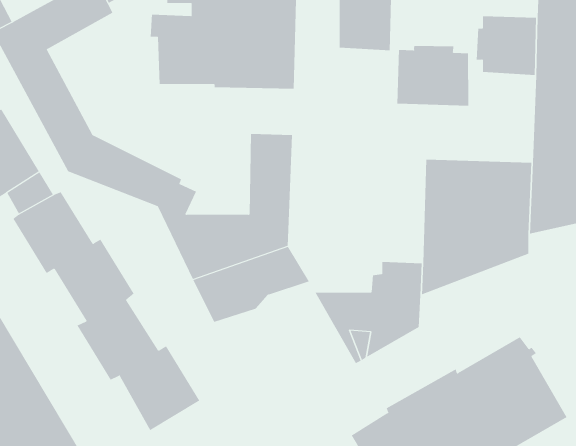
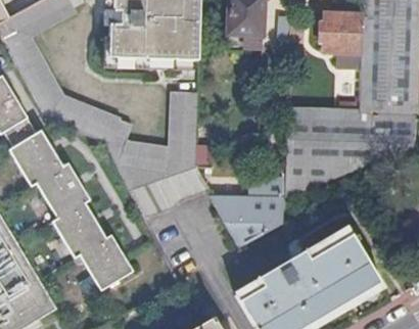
building: [397,45,469,107] -> none

